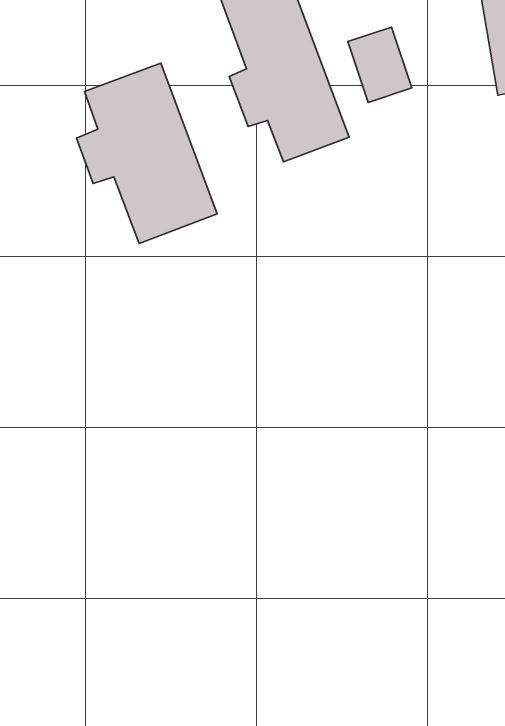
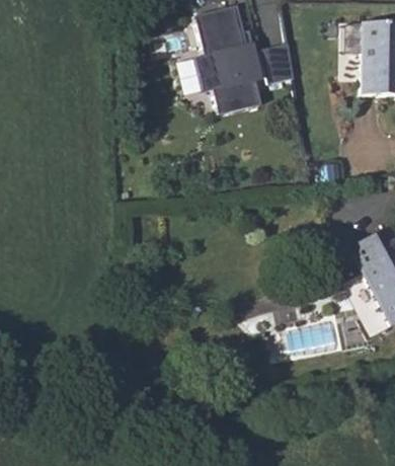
building: [76,63,217,243] -> none

